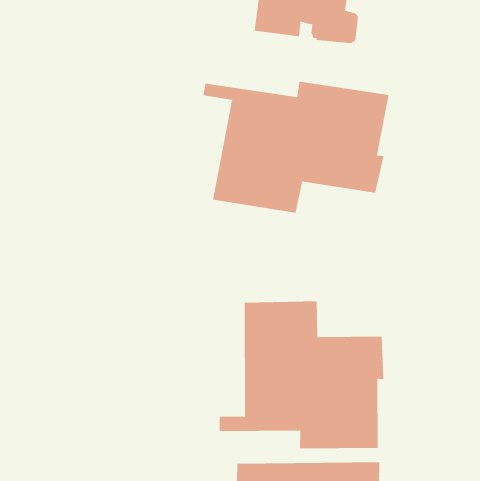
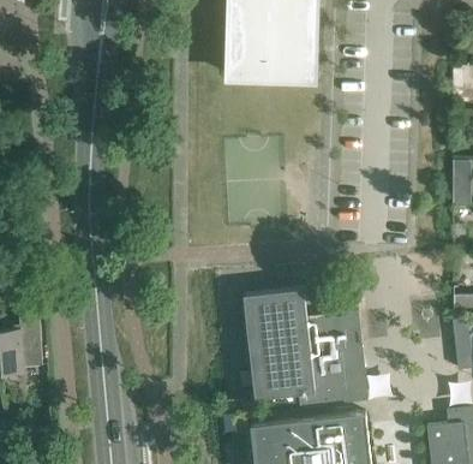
building: [203,81,389,214] -> none

